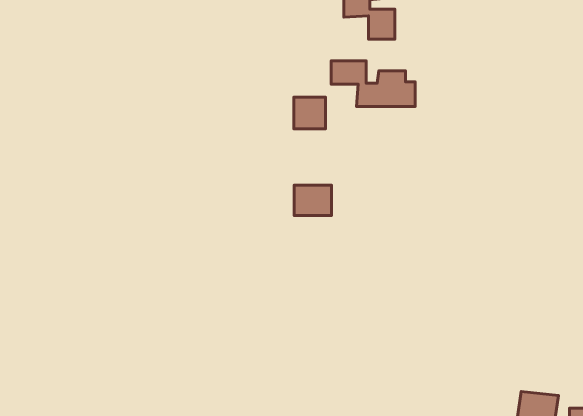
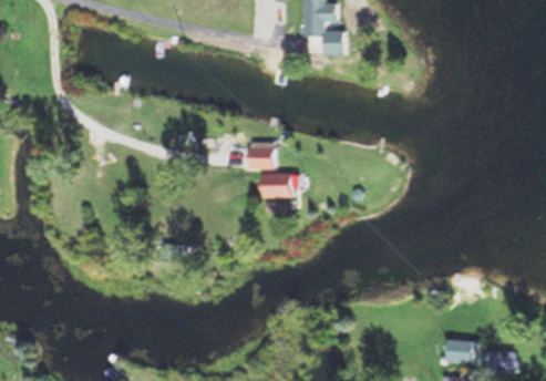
building: [331,61,415,106] -> none
building: [294,97,325,129] -> [249,143,275,168]

